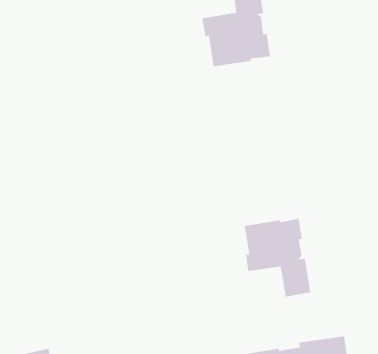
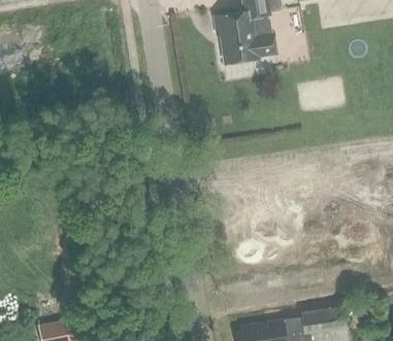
building: [244,218,311,297] -> none

